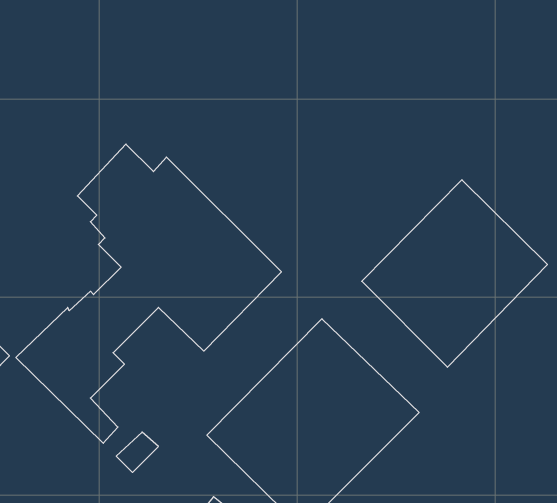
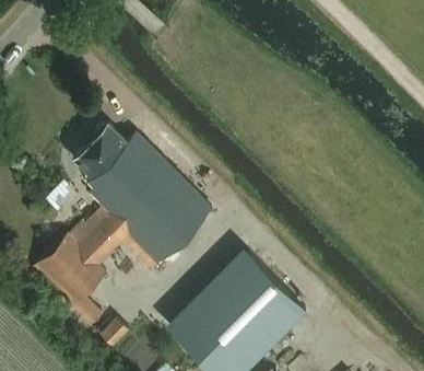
building: [362,180,547,367] -> none

